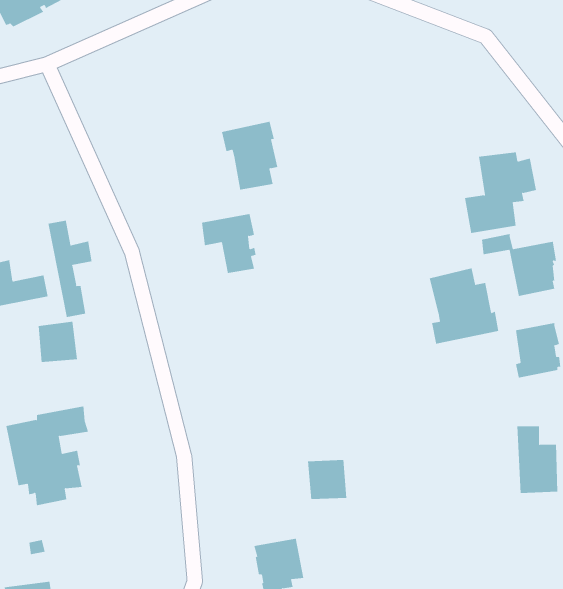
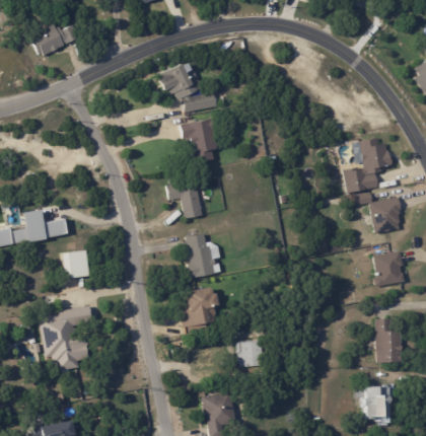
building: none -> [160,62,217,113]
building: [48,220,92,318] -> none
building: [429,267,499,345] -> none
building: none -> [186,233,221,279]
building: none -> [181,287,219,335]
building: none -> [357,385,390,420]

